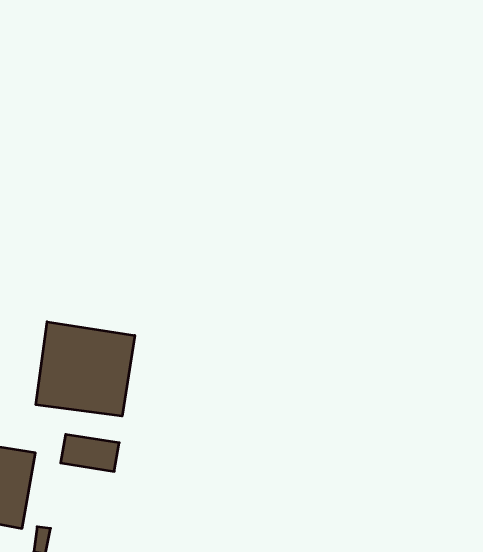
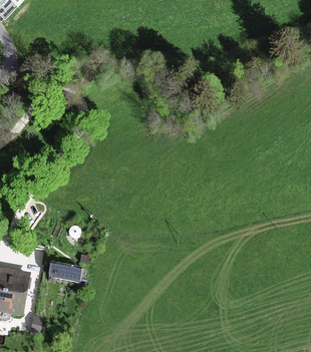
building: [36,322,135,416] -> none

